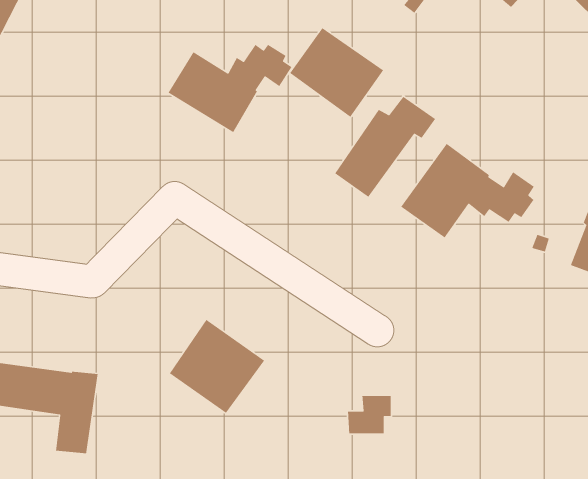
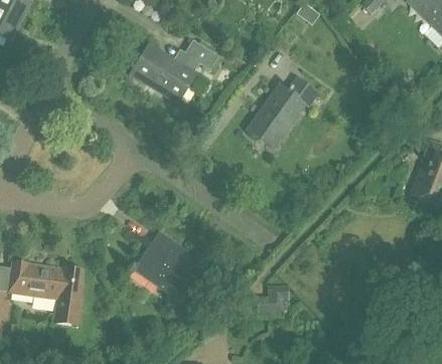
building: [289,27,384,118] -> none
building: [400,143,535,239] -> none

